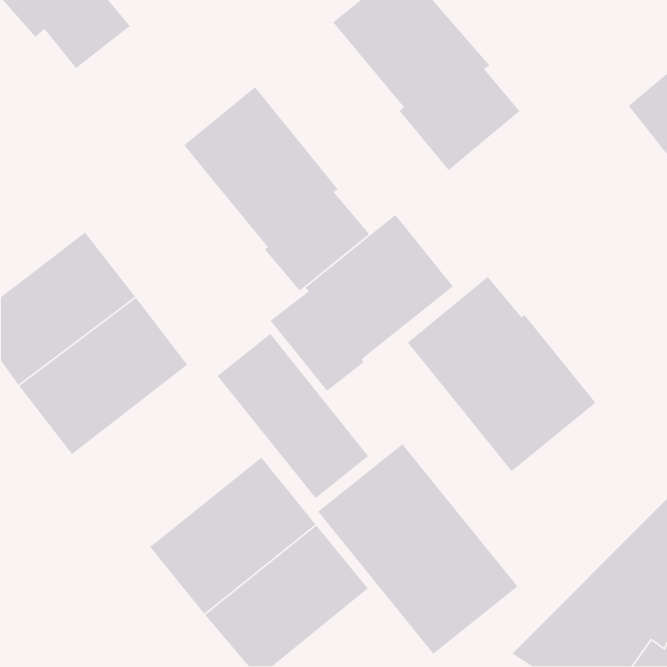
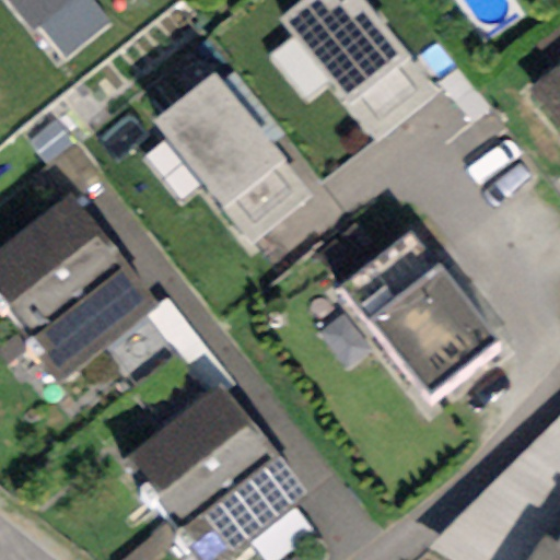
building: [269,214,454,392] -> none
building: [217,333,369,499] -> none
building: [317,443,518,655] -> none

